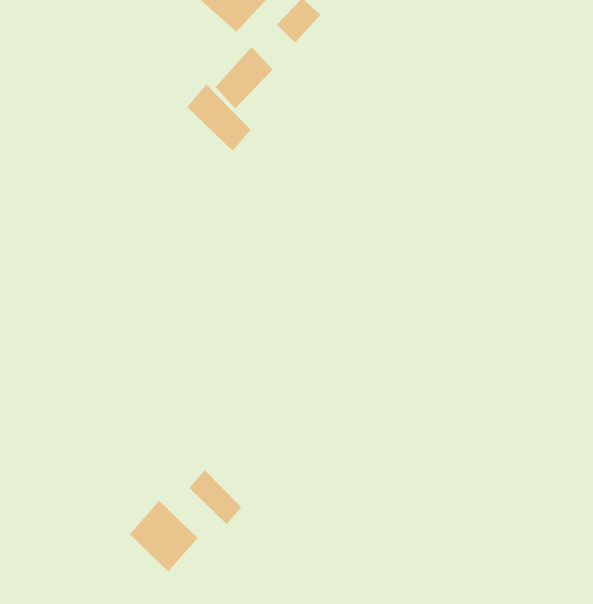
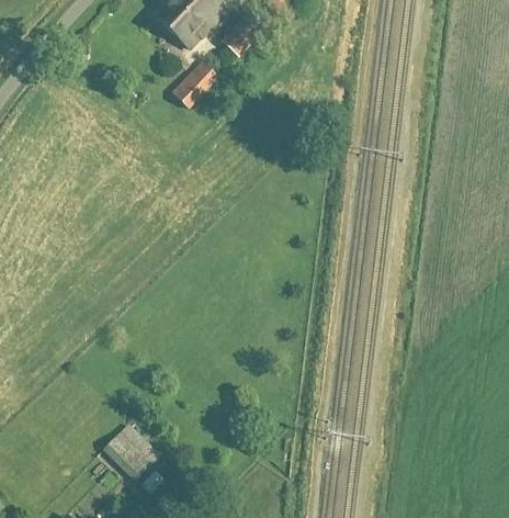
building: [186,83,252,152] -> none
building: [188,469,242,525] -> none

